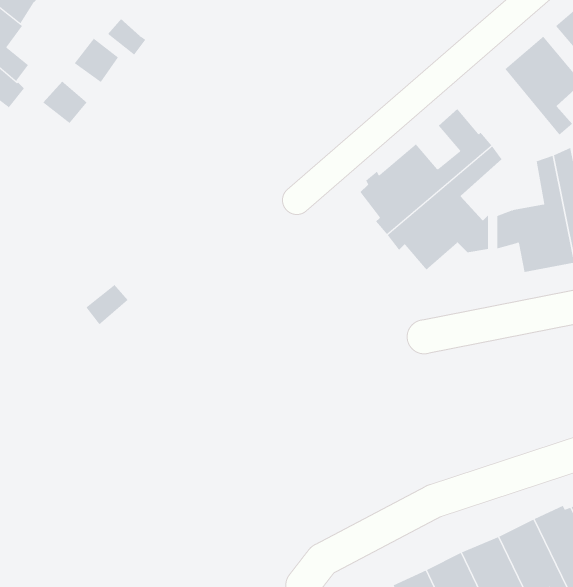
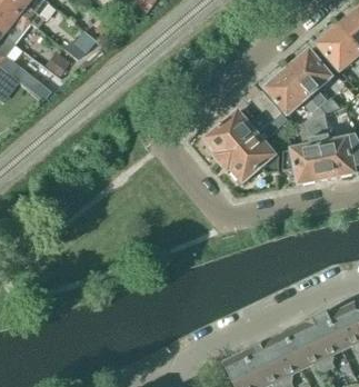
building: none -> [265,68,319,115]

